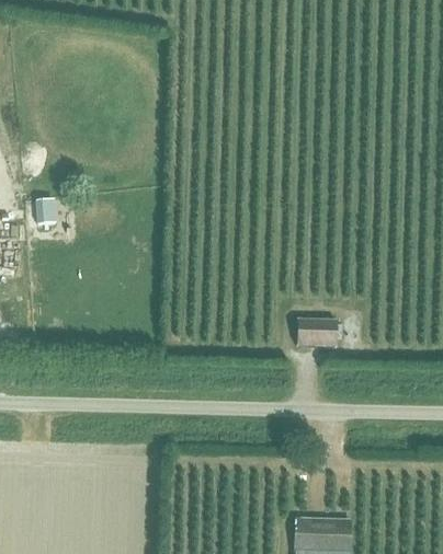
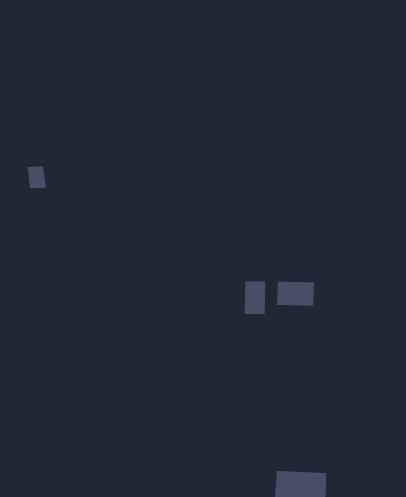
building: none -> [244,280,266,315]

